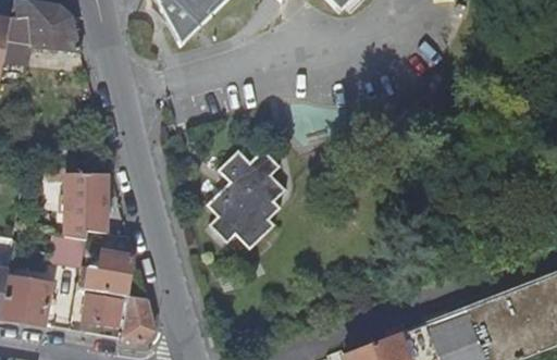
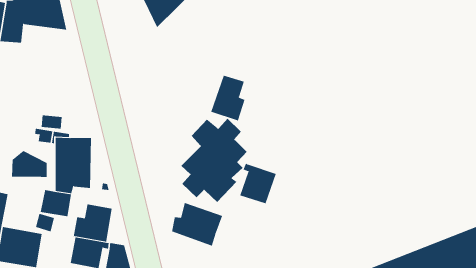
building: none -> [211,75,245,122]
building: none -> [11,150,47,178]
building: none -> [240,162,276,204]
building: none -> [172,202,223,247]

